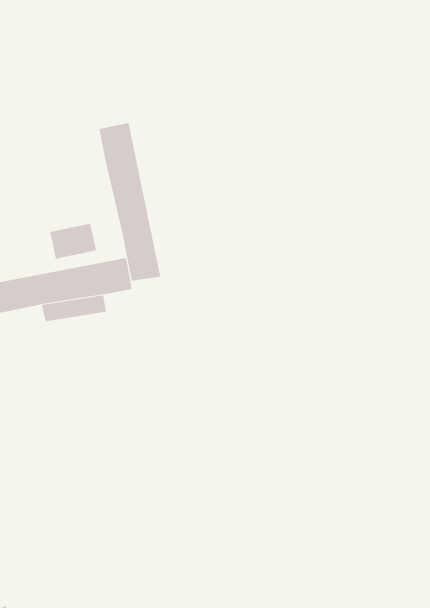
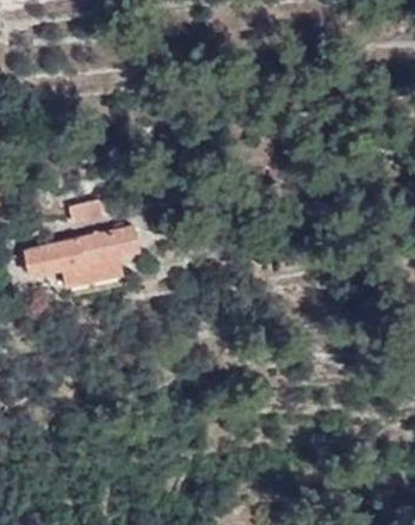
building: [99,122,161,282] -> none

